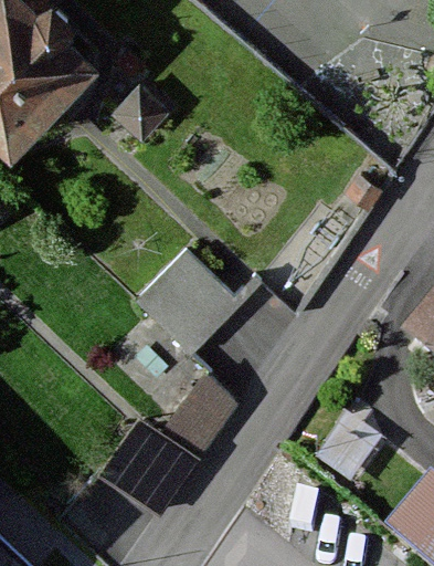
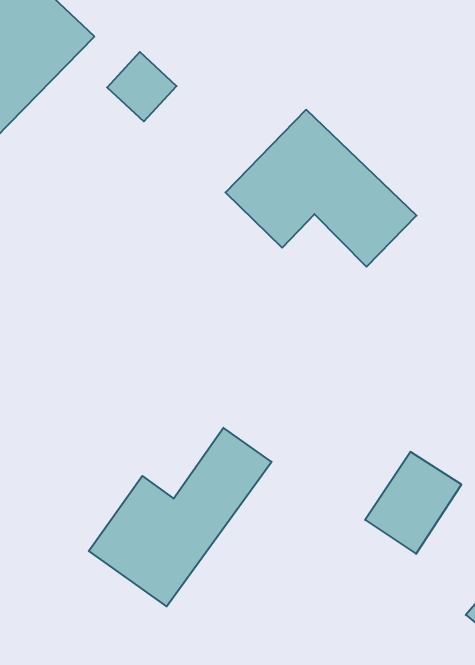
building: none -> [225,110,417,267]
building: [139,253,242,356] -> none

